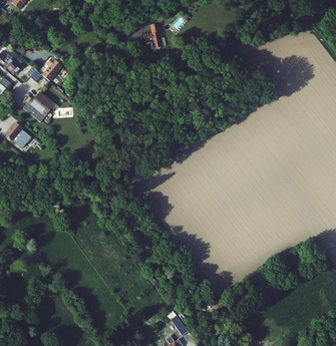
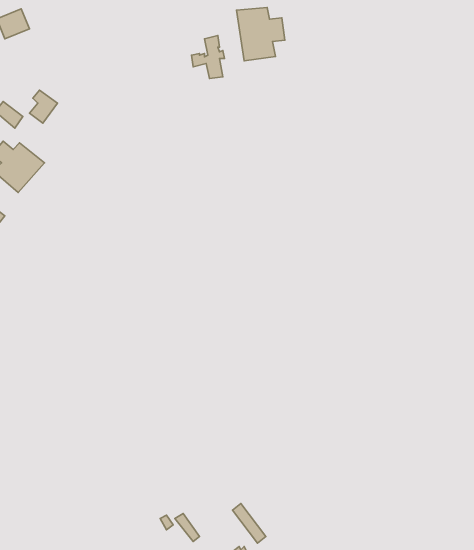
building: none -> [237,7,285,61]

